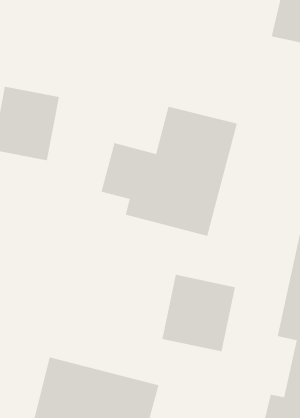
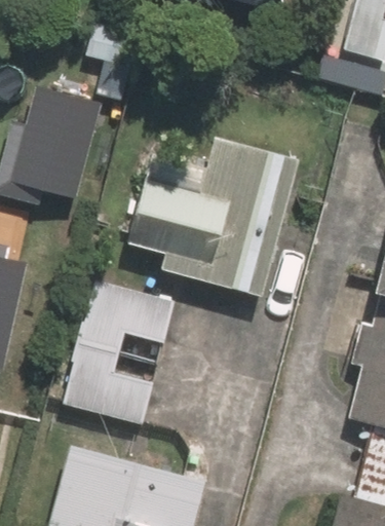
building: none -> [63,277,177,421]
building: [162,274,236,352] -> none

